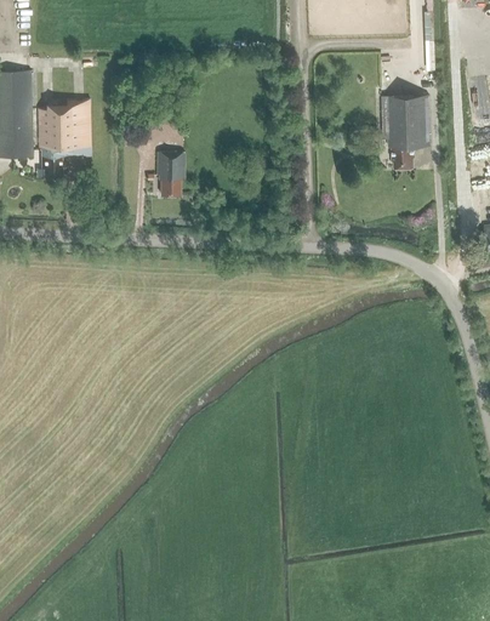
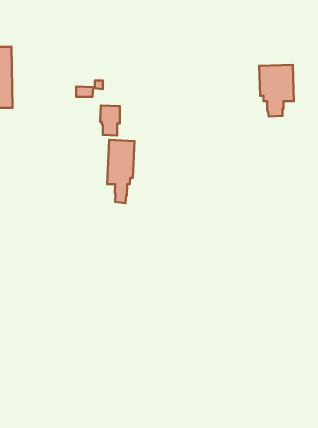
building: [36,98,91,177] -> none
building: none -> [107,140,134,203]

